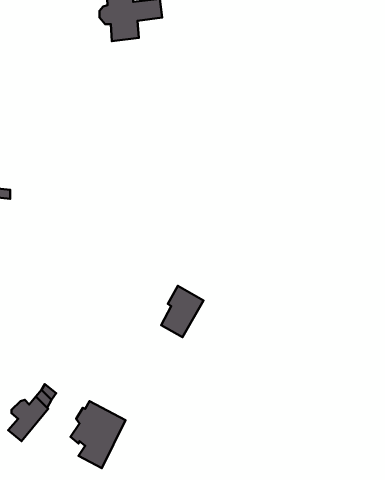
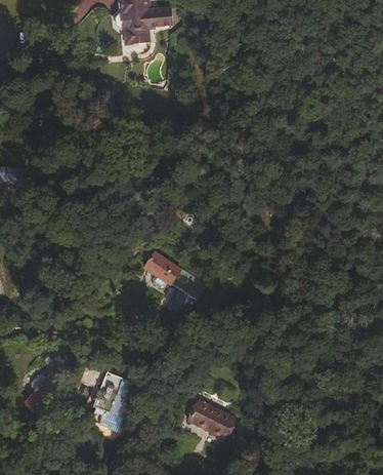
building: none -> [145,252,180,285]
building: none -> [190,395,232,427]

